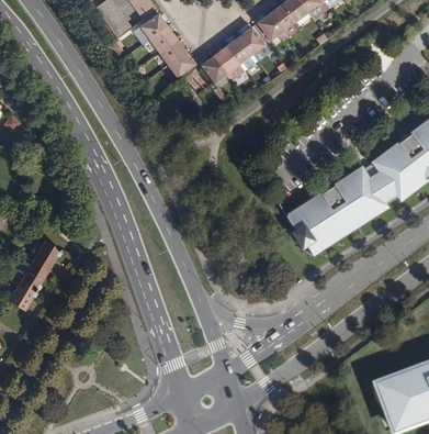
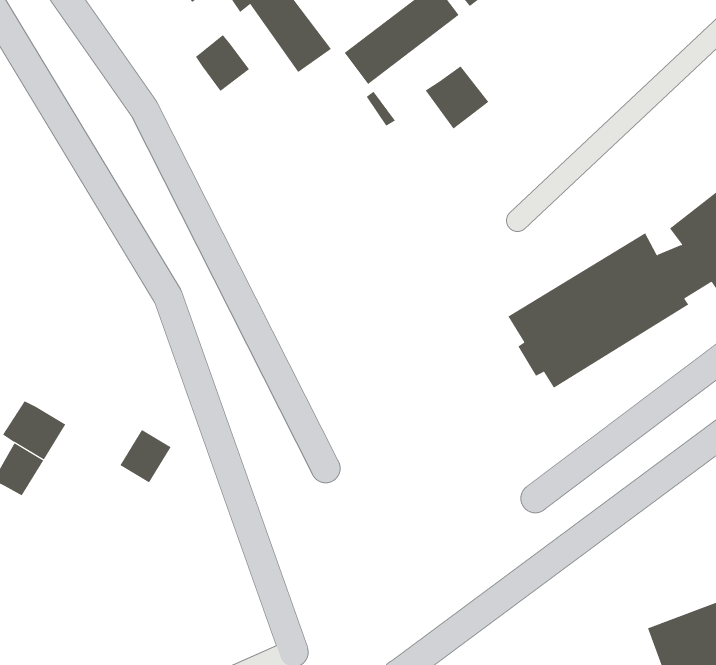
building: none -> [195,34,250,92]
building: none -> [425,65,489,129]
building: [33,241,61,270] -> [120,429,172,483]

